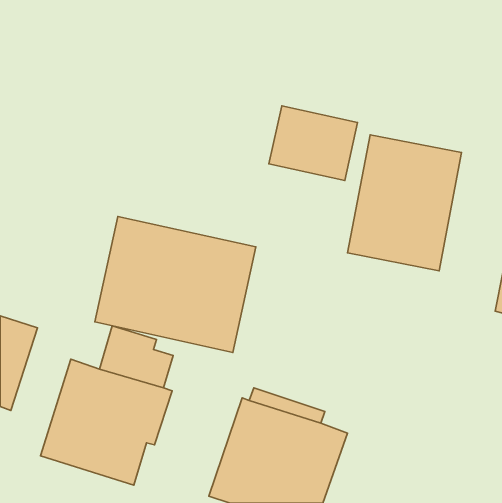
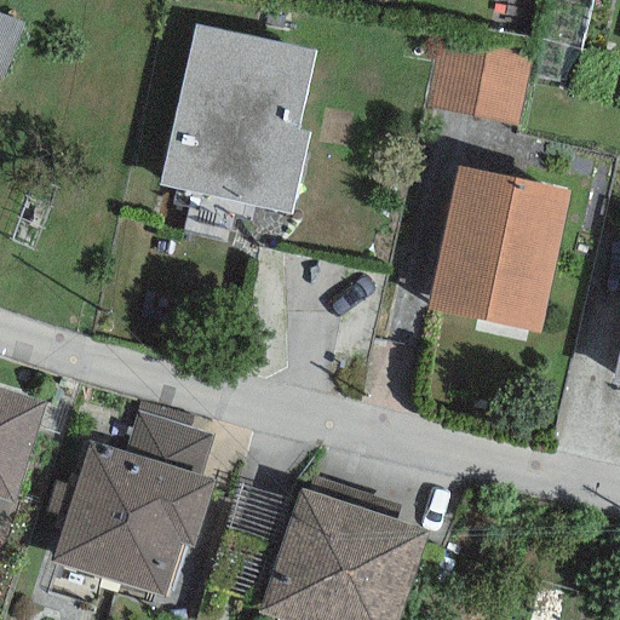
building: none -> [159,24,316,216]
building: [269,106,358,181] -> [421,35,530,127]
building: [95,216,256,352] -> none

